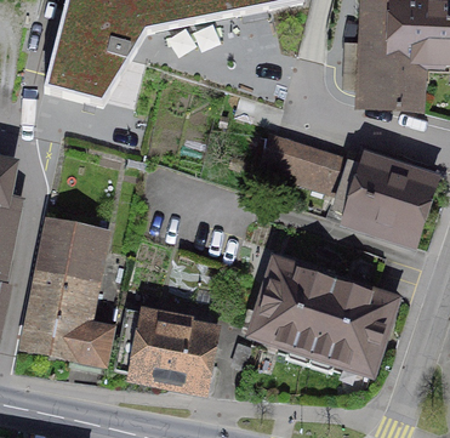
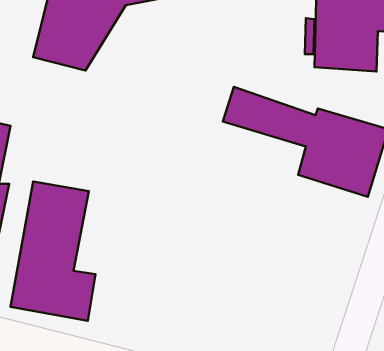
building: [245,250,398,372] -> none
building: [115,302,211,393] -> none

